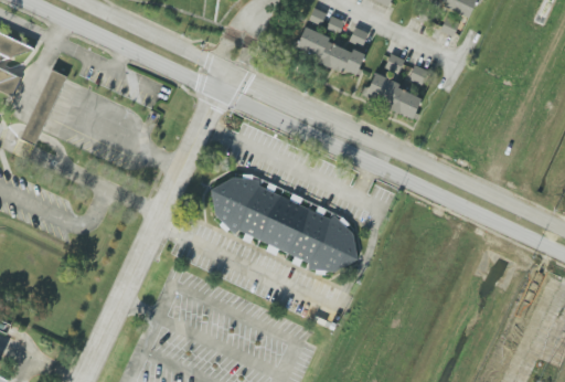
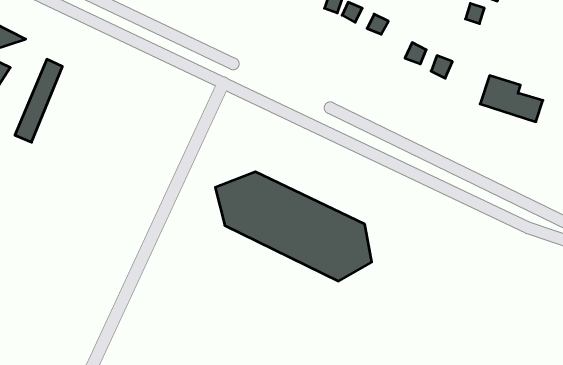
building: [296,28,365,75] -> none
building: [364,74,423,117] -> [480,76,543,122]

